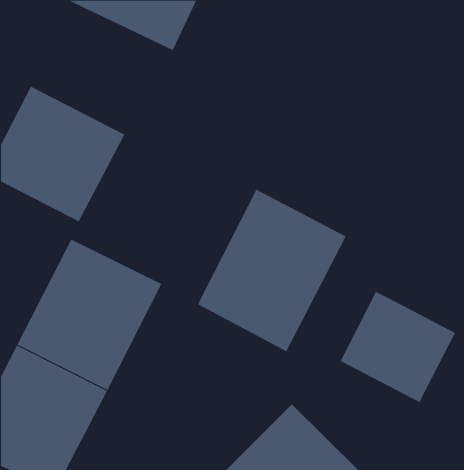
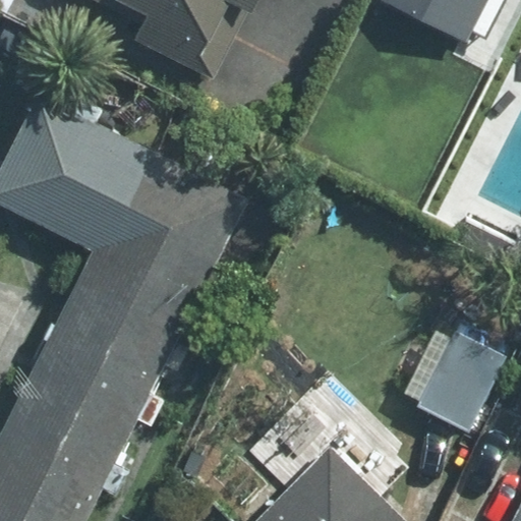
building: none -> [85,150,245,314]
building: [197,189,346,352] -> none

